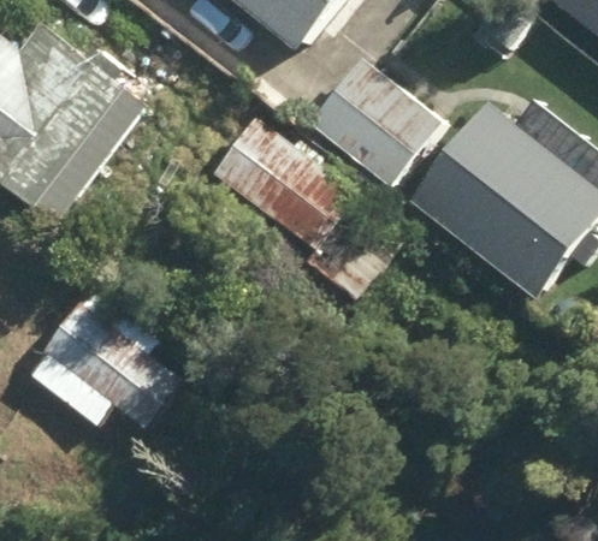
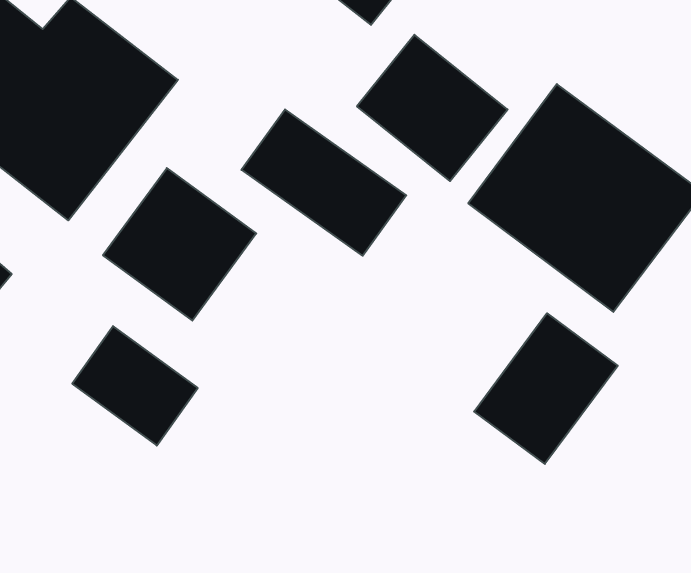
building: none -> [103,168,256,321]
building: none -> [474,313,618,464]

